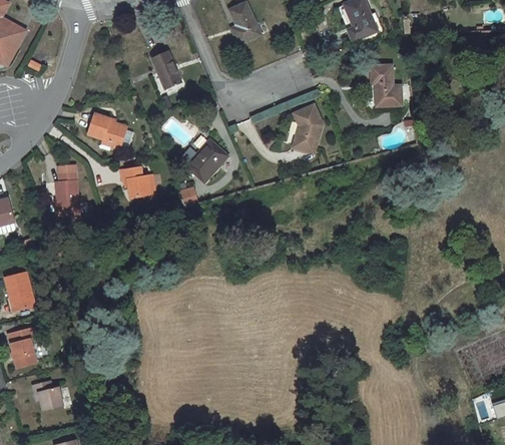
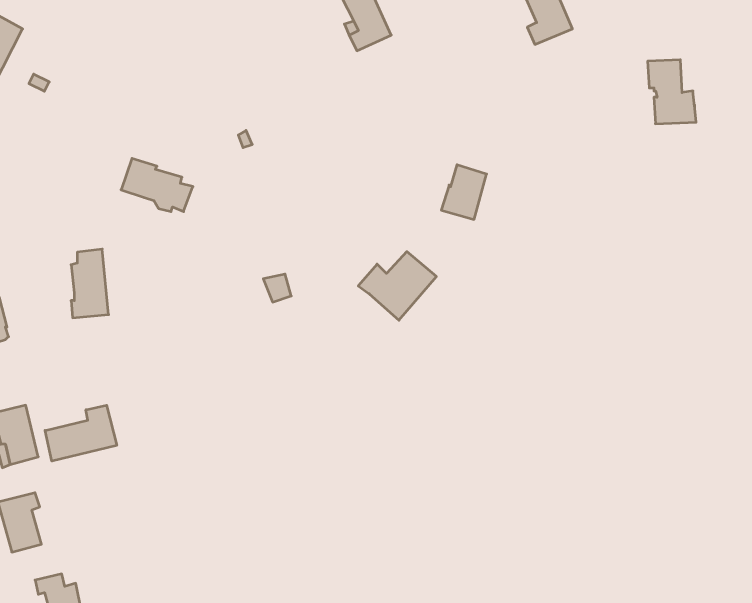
building: [152,51,180,87] -> none
building: [371,64,402,105] -> [648,60,696,124]
building: [178,138,228,182] -> [358,252,436,320]
building: [120,165,150,197] -> none
building: none -> [45,405,117,461]

